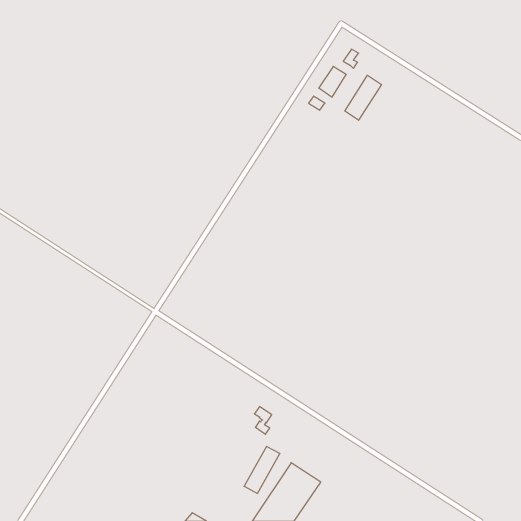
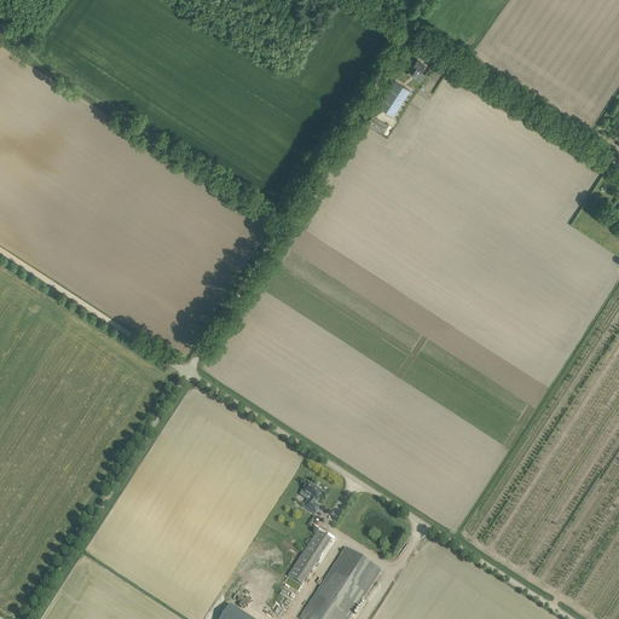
building: [345,75,381,120] -> none

